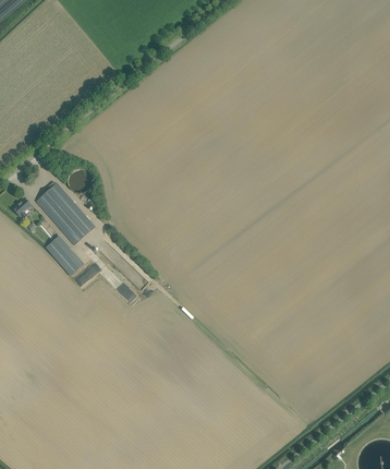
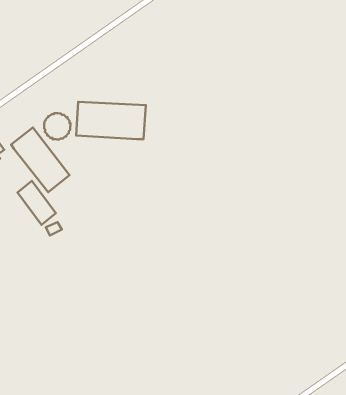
building: none -> [76,102,146,139]

